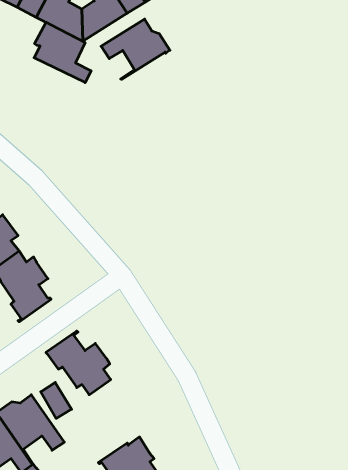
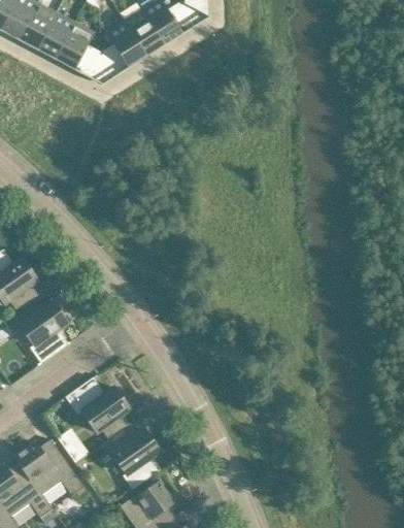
building: [101,19,170,79] -> none
building: [34,22,91,83] -> none
building: none -> [105,423,161,488]

